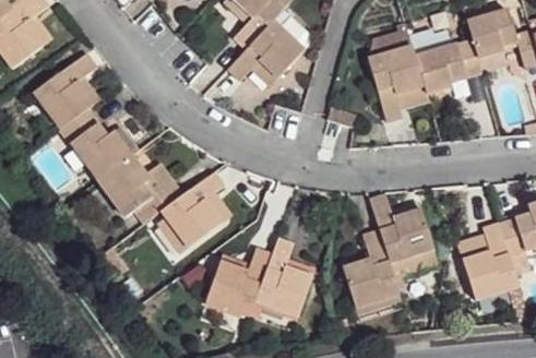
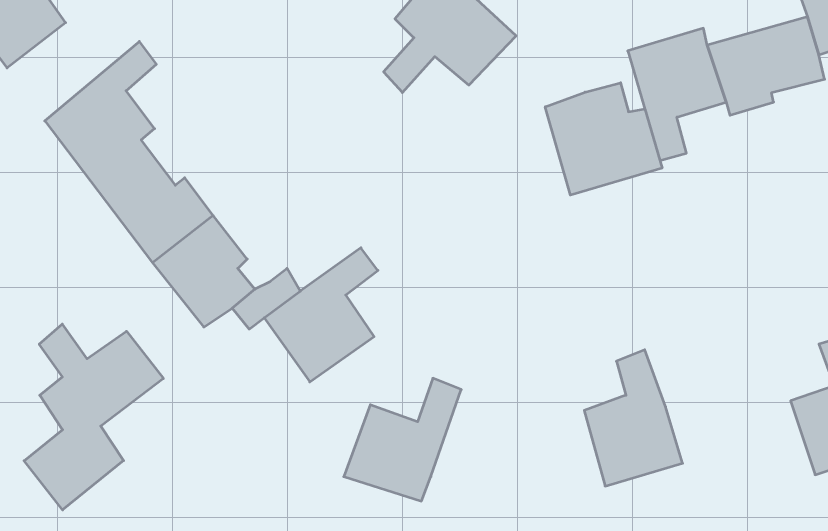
building: none -> [545,83,662,195]
building: [370,195,436,262] -> none
building: none -> [24,324,163,510]
building: [257,236,313,315] -> none

